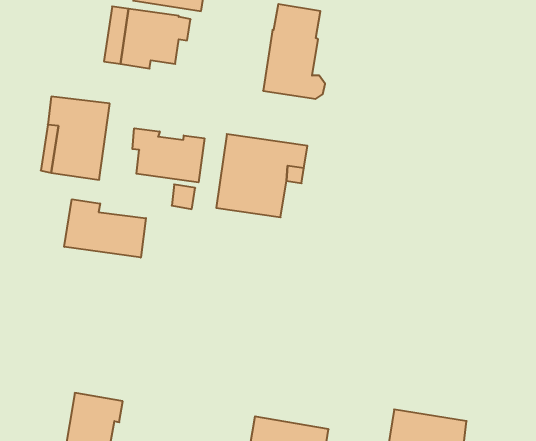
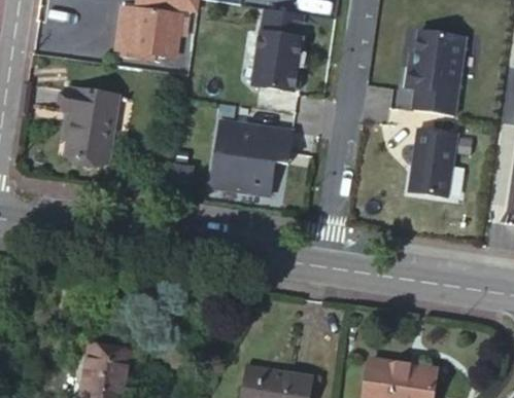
building: none -> [408,29,466,113]
building: [132,128,204,182] -> none
building: none -> [409,126,457,194]
building: [64,199,146,258] -> none

